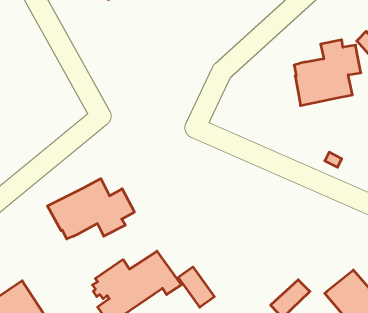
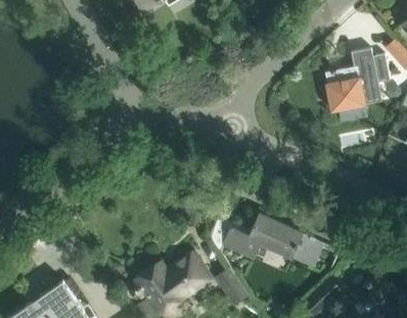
building: [47,179,134,239] -> none
building: none -> [210,213,322,264]

